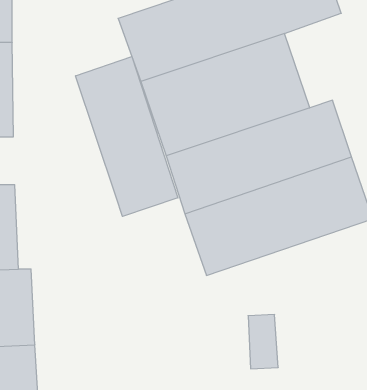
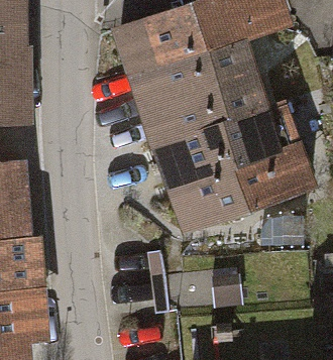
building: [76,57,178,216] -> none

